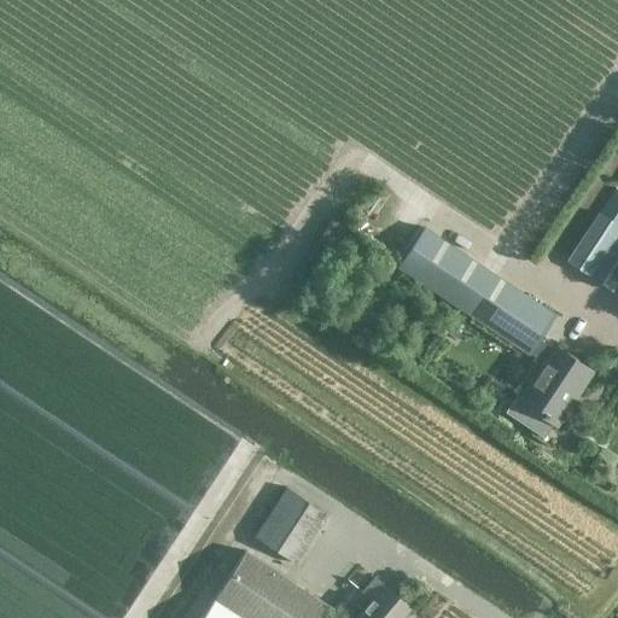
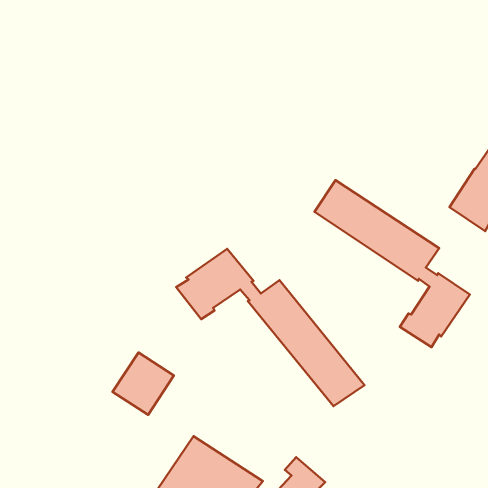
building: none -> [176,249,364,406]
building: [255,489,332,567] -> [113,352,174,415]

